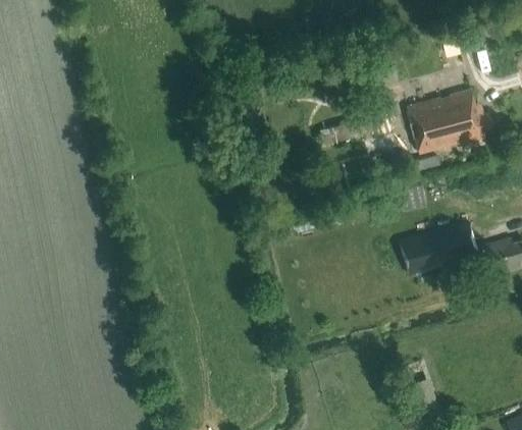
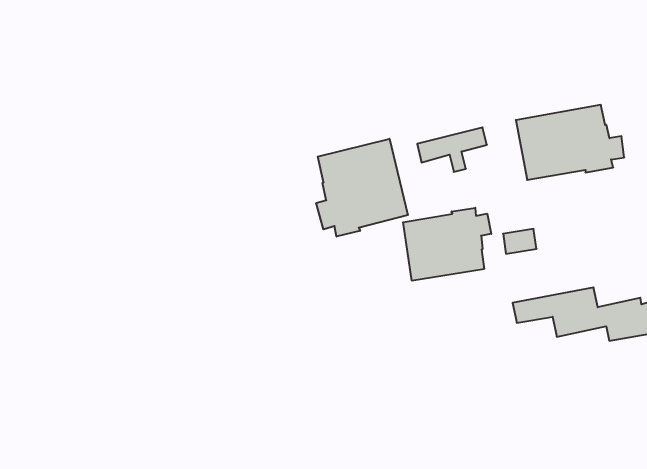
building: none -> [316,139,408,237]
building: none -> [403,208,491,281]

